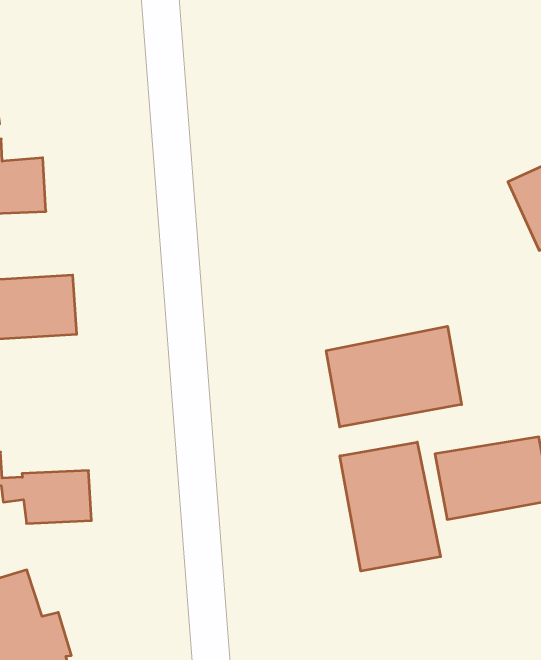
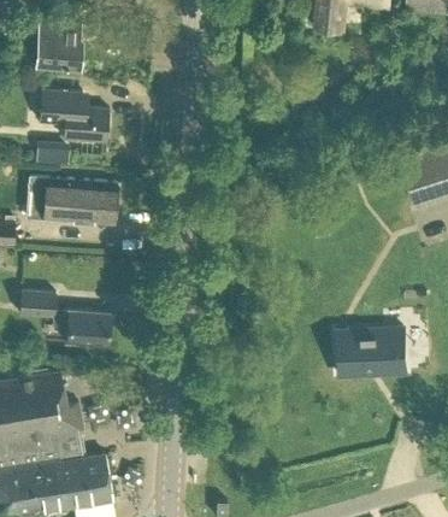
building: [326,326,462,427] -> none
building: [340,442,441,571] -> none

